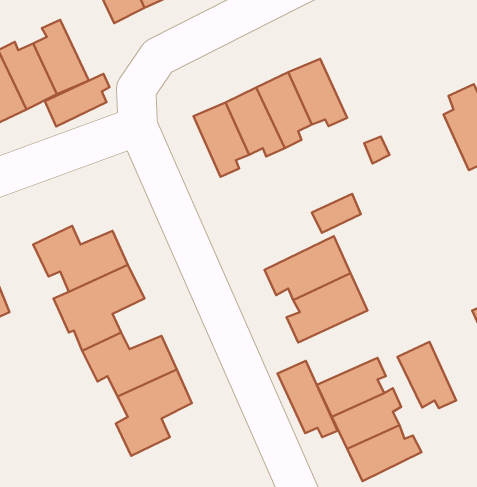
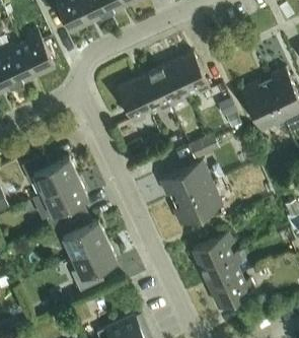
building: [45,74,109,126] -> none
building: none -> [241,82,283,132]
building: [397,342,456,408] -> none
building: [277,361,338,437] -> none

